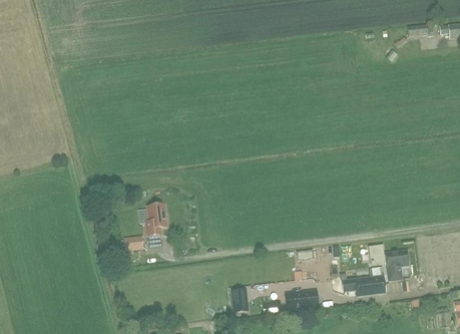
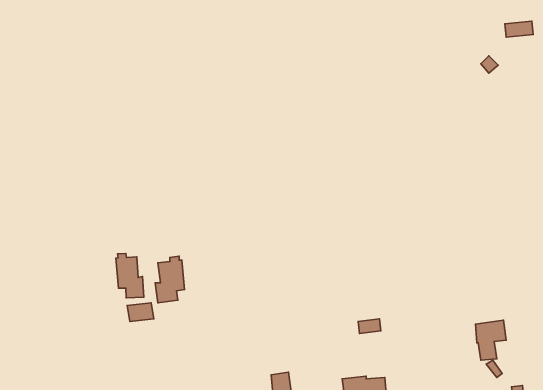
building: none -> [116,254,144,298]
building: [342,275,385,294] -> none

